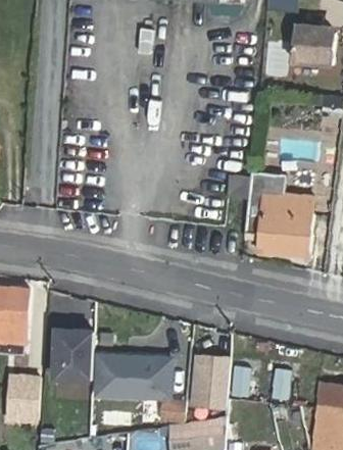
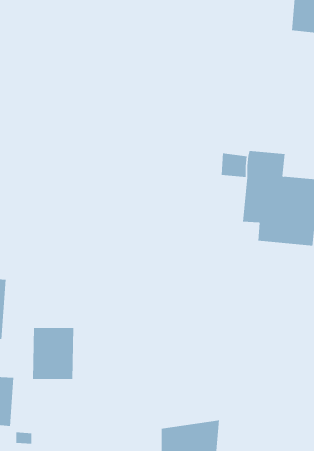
building: [193,356,230,405] -> none
building: [96,357,169,398] -> none

